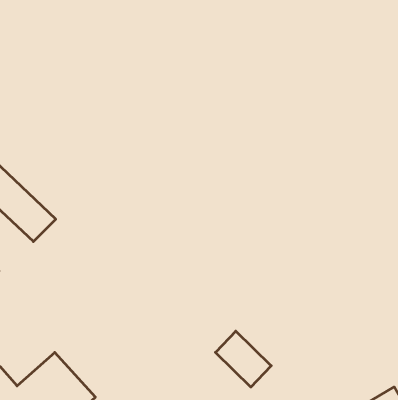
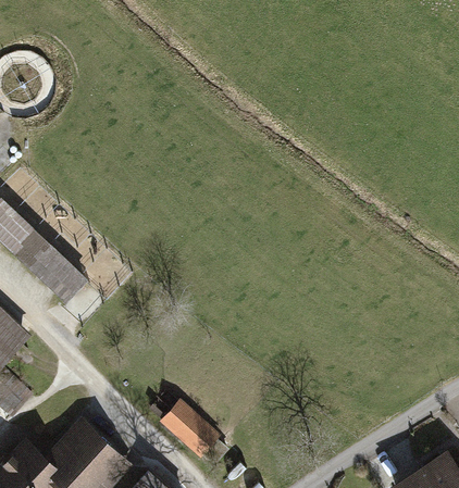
building: [215,331,271,387] -> [156,403,215,463]

